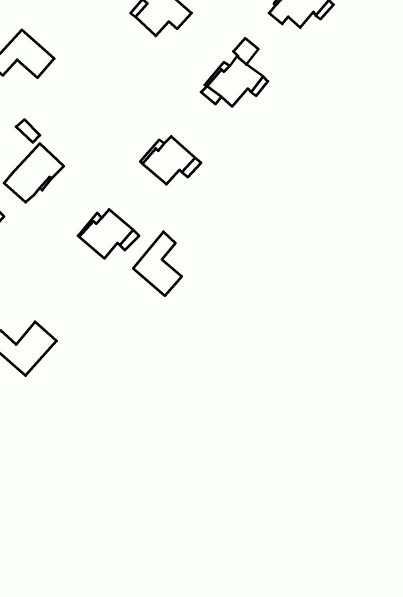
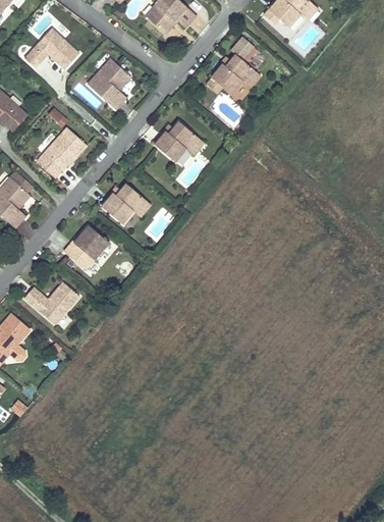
building: none -> [88,59,131,110]
building: [133,232,182,296] -> none
building: none -> [63,225,109,271]

